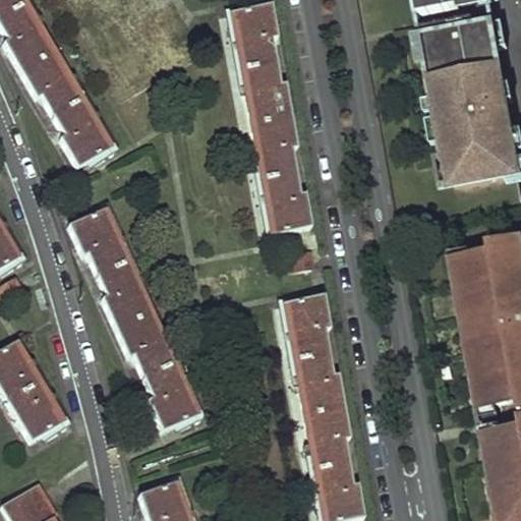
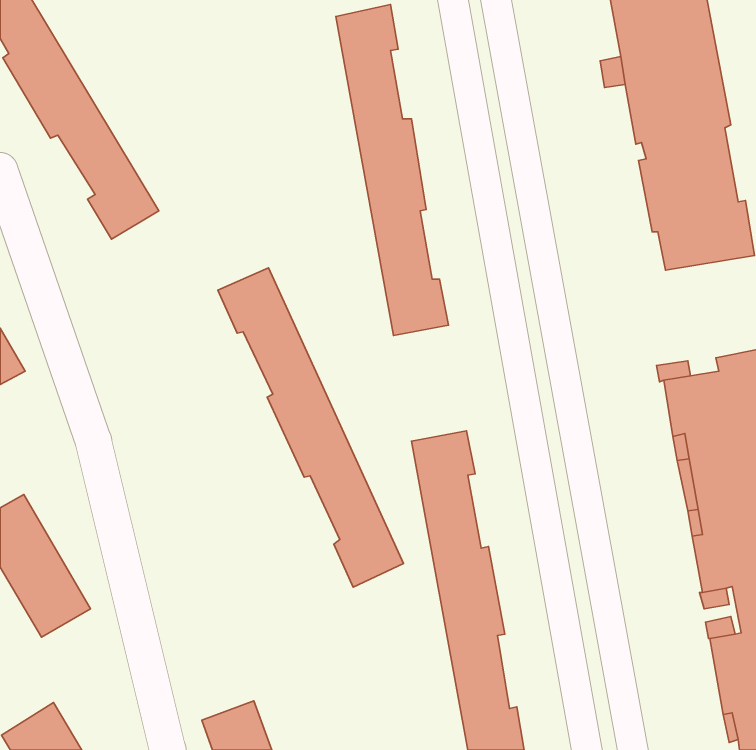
building: [70,208,197,426] -> [218,268,404,587]

